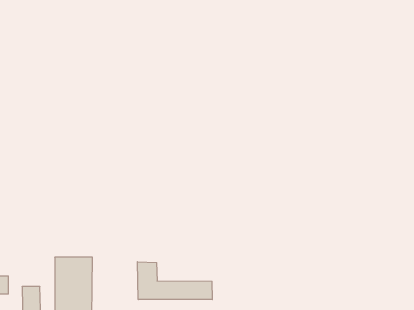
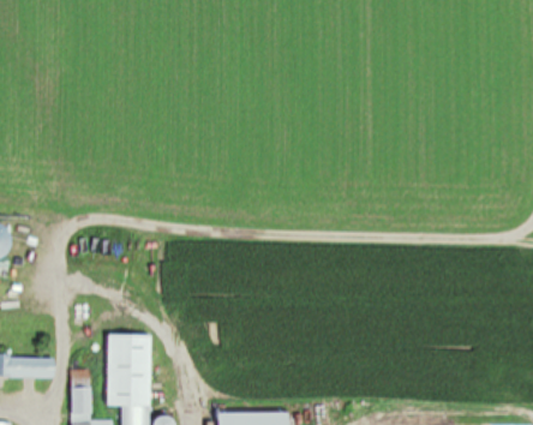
building: [137,262,212,300] -> none

